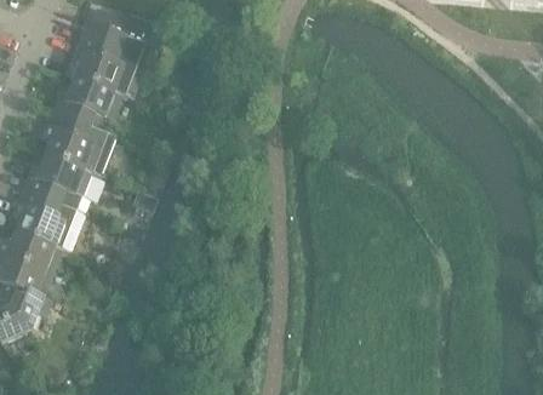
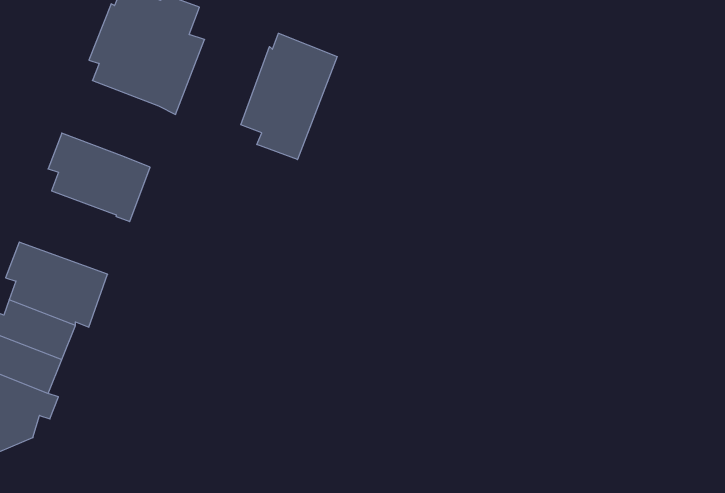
building: none -> [241,33,337,160]
building: [50,75,119,130] -> none
building: [19,154,88,213] -> none

